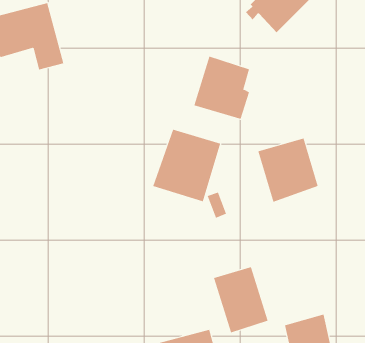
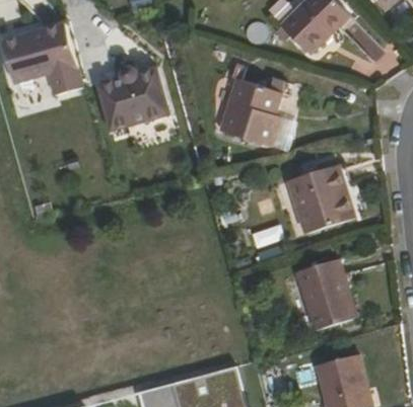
building: none -> [96,67,167,130]
building: [153,129,221,202] -> none
building: [213,267,269,333] -> [296,259,355,330]

